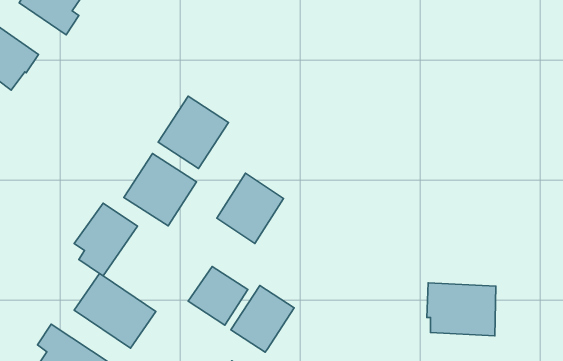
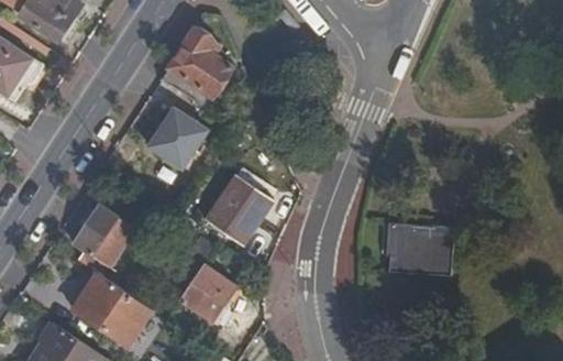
building: none -> [161,28,230,100]
building: [124,153,197,226] -> none
building: [427,283,496,336] -> [386,221,452,272]
building: [231,285,294,352] -> none

